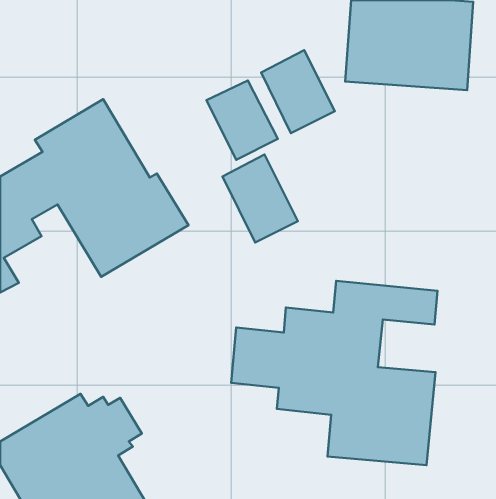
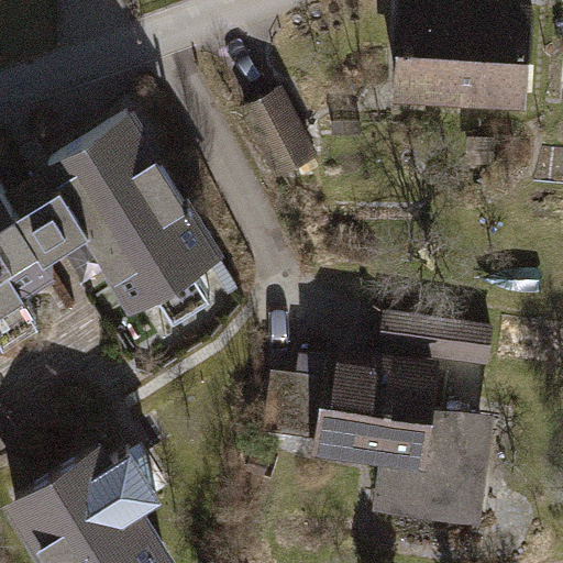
building: [261,50,335,133] -> none
building: [223,154,298,243] -> none

